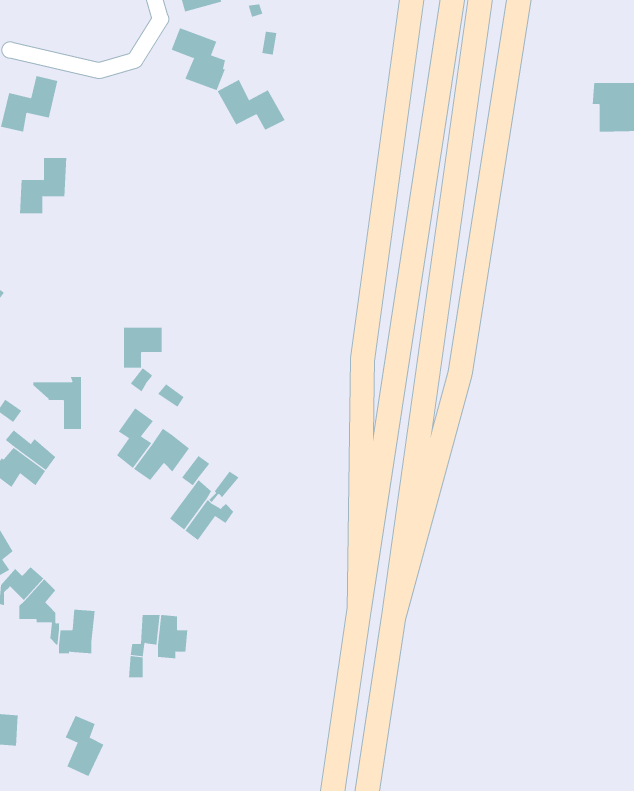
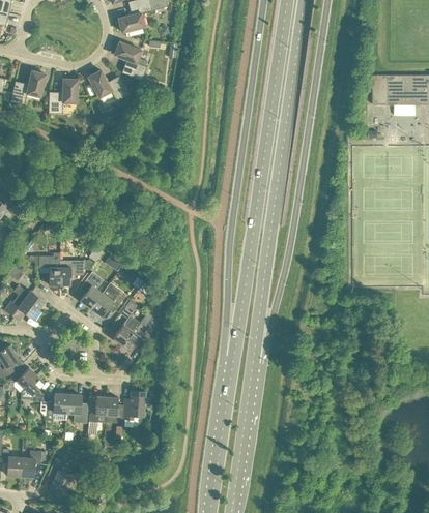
building: [217,79,285,130] -> [87,69,128,100]
building: [19,157,67,214] -> [48,79,77,113]
building: [123,327,162,368] -> [59,260,83,284]
building: none -> [122,390,149,419]
building: none -> [65,394,87,423]
building: none -> [20,450,46,477]

